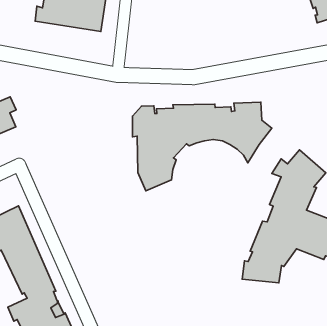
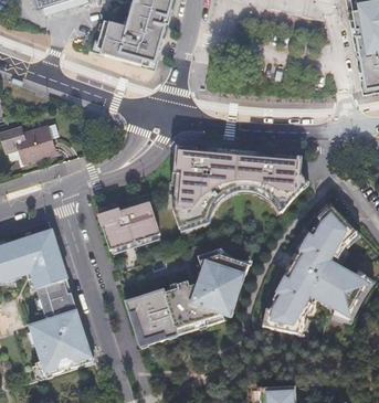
building: none -> [97,199,158,248]
building: none -> [125,248,248,347]

